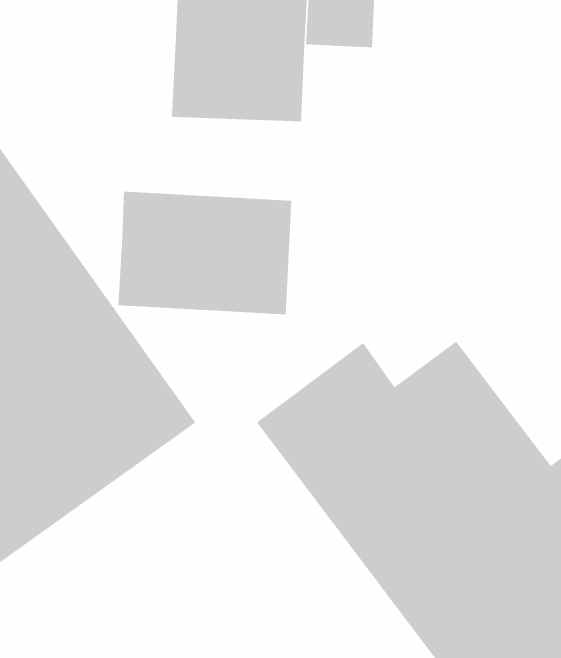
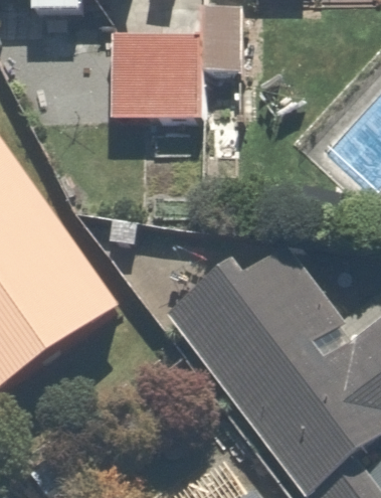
building: [118,191,292,315] -> none

